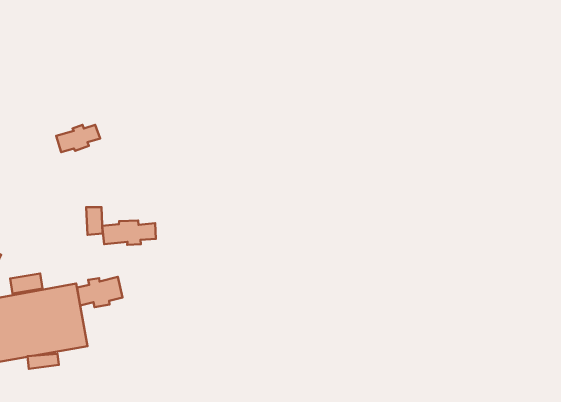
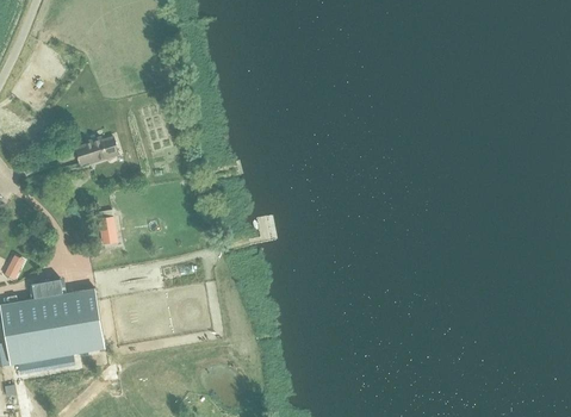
building: [102,220,156,245] -> none
building: [77,277,123,307] -> none

